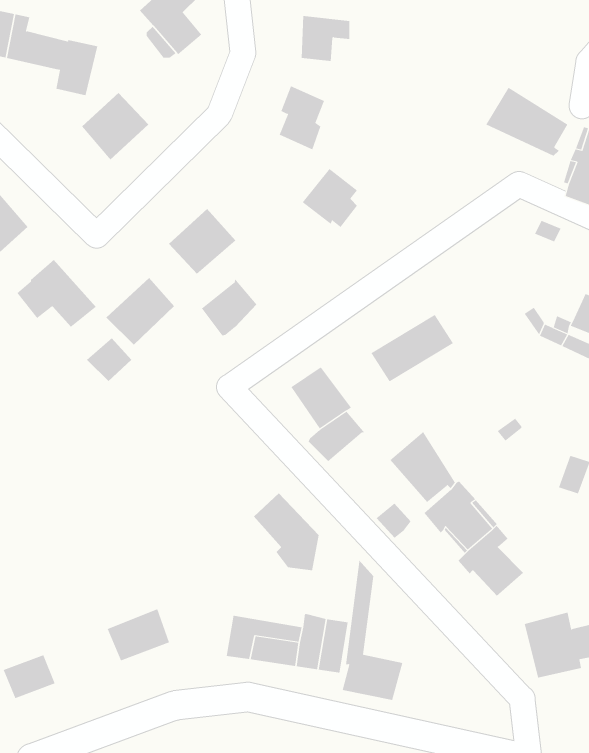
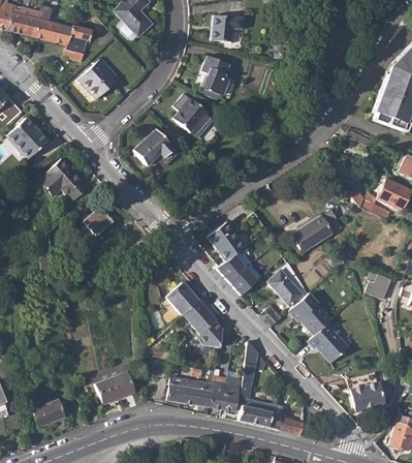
building: [485,87,568,156] -> none
building: [302,168,358,228] -> [175,98,209,134]
building: [106,277,175,345] -> none
building: [201,278,257,336] -> none
building: [370,314,454,382] -> [291,213,342,254]
building: none -> [230,265,262,297]
building: none -> [166,282,200,316]
building: none -> [270,404,303,435]

